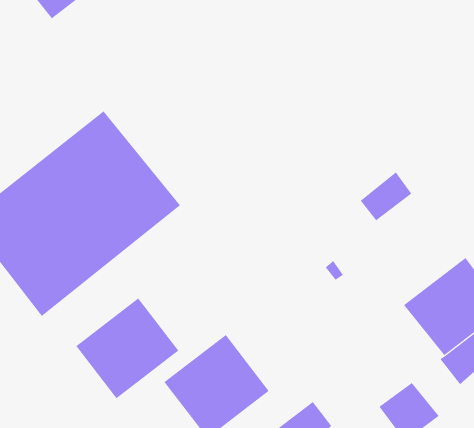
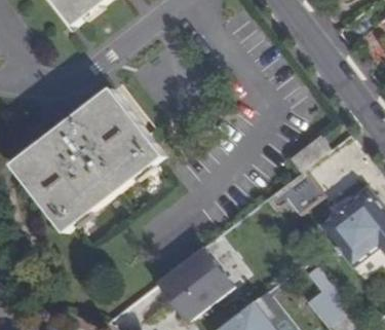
building: none -> [276,170,320,214]
building: [75,298,179,399] -> none

